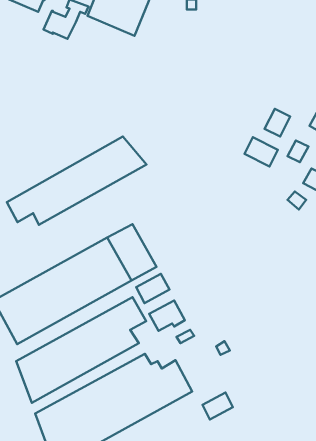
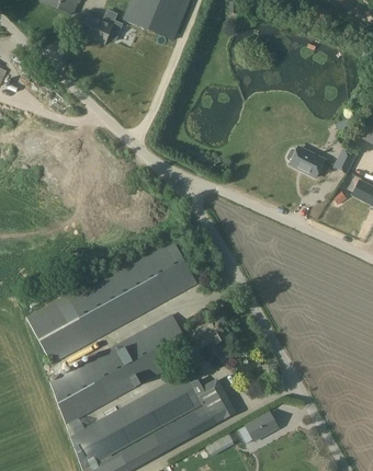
building: [265,109,290,137] -> none
building: [7,136,146,225] -> none
building: [136,274,170,303] -> none

